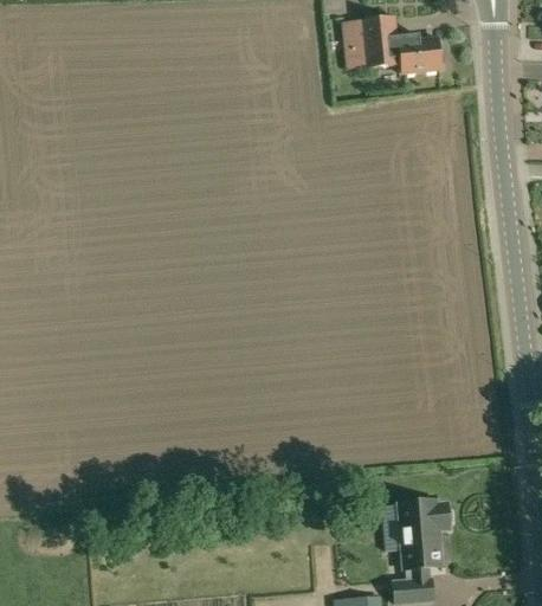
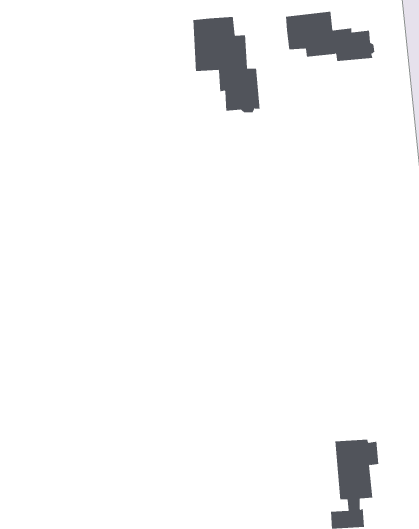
building: none -> [193,16,260,113]

